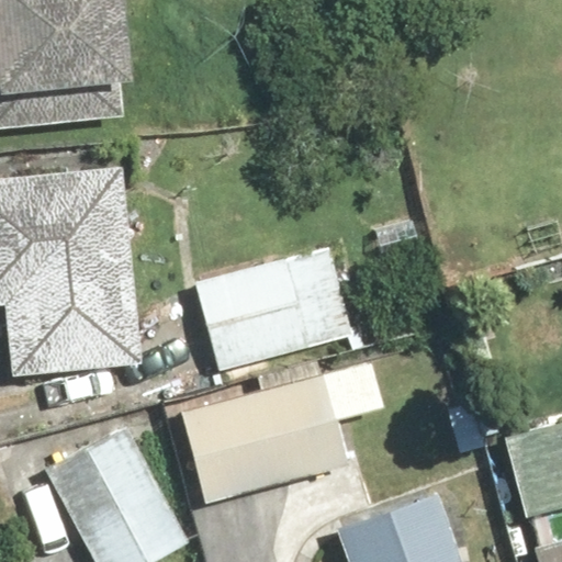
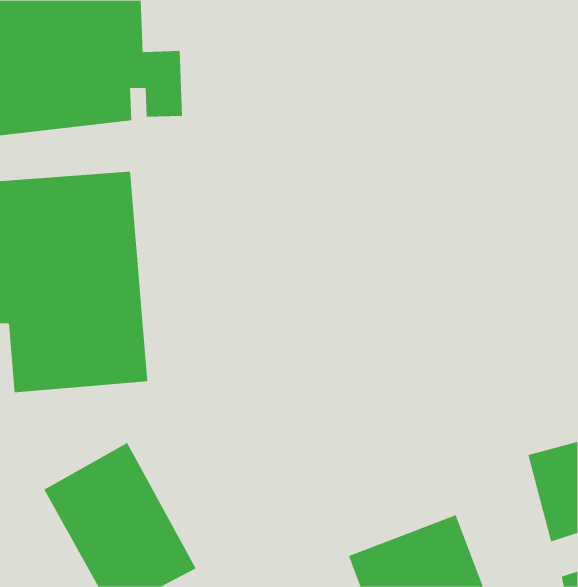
building: [192,241,355,374] -> none
building: [178,357,353,510] -> none

